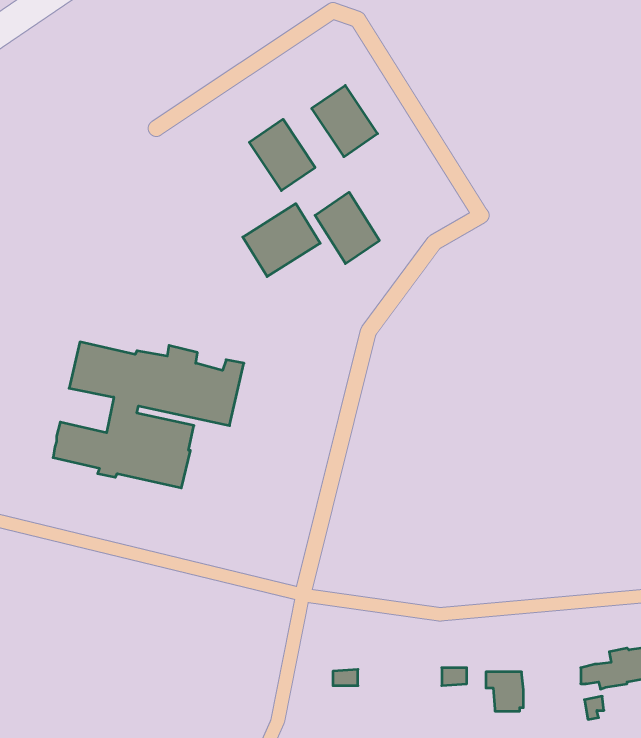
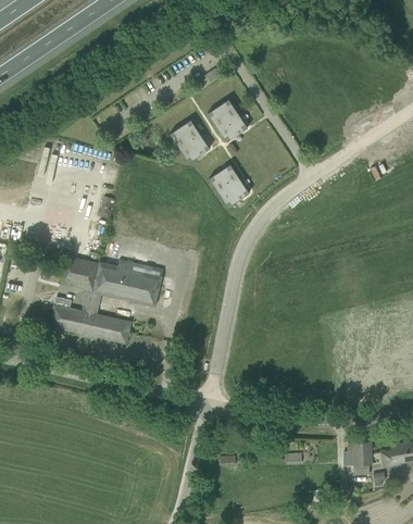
building: [243,204,320,277] -> none
building: [486,672,523,711] -> [348,442,371,466]

